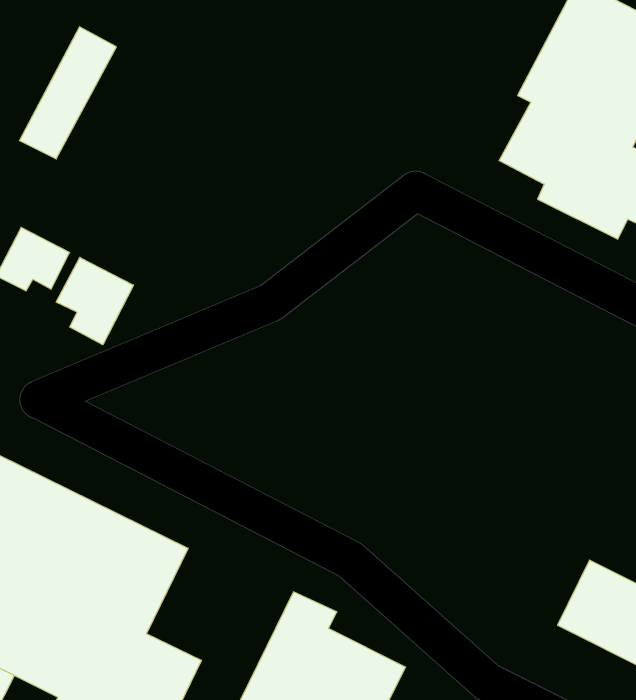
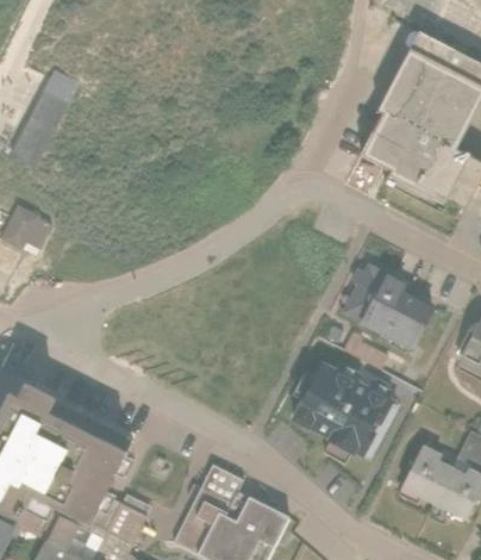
building: [56,257,134,345] -> none
building: none -> [344,265,436,350]
building: none -> [291,360,402,465]

